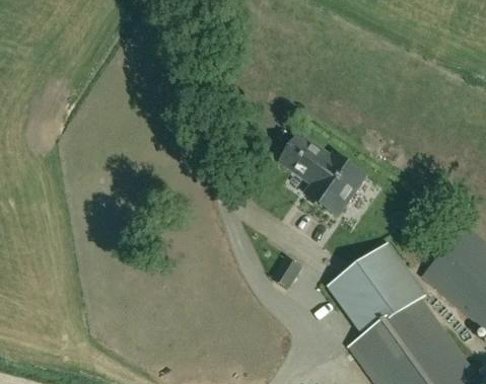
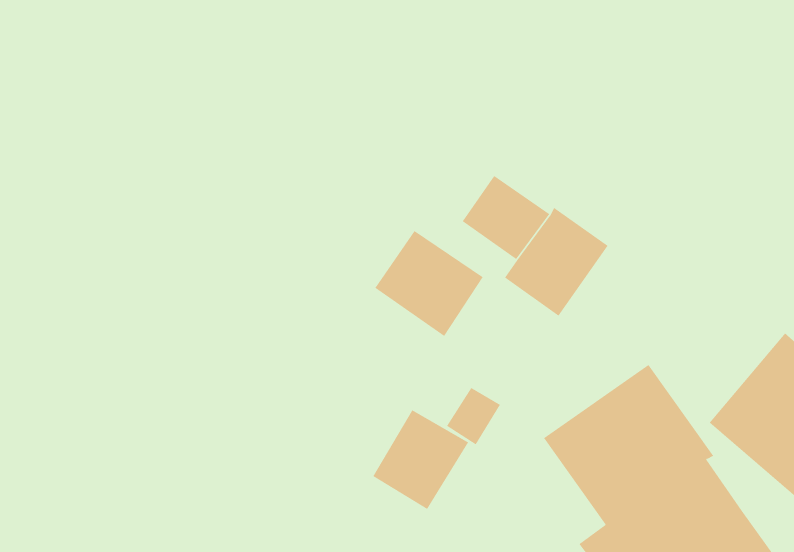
building: none -> [374,230,484,337]
building: none -> [373,410,469,510]

